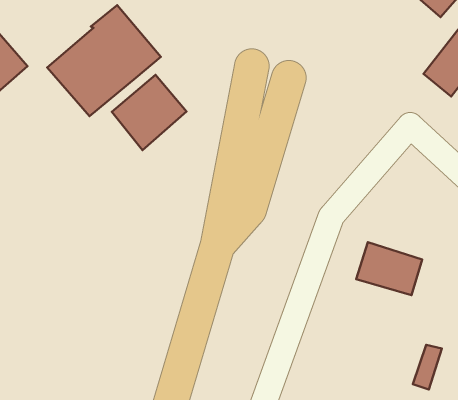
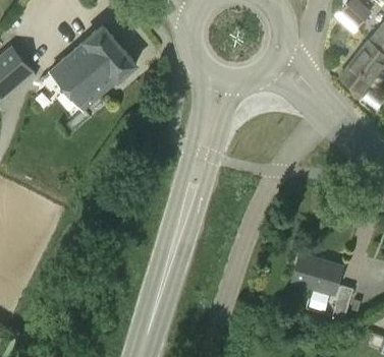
building: [112,75,187,150] -> none
building: [356,242,422,295] -> [291,253,342,294]

